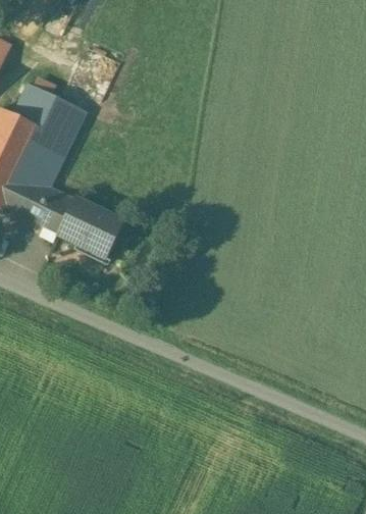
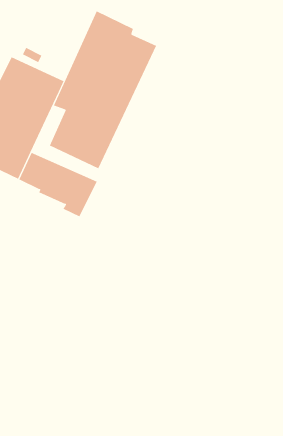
building: none -> [49,10,157,169]

